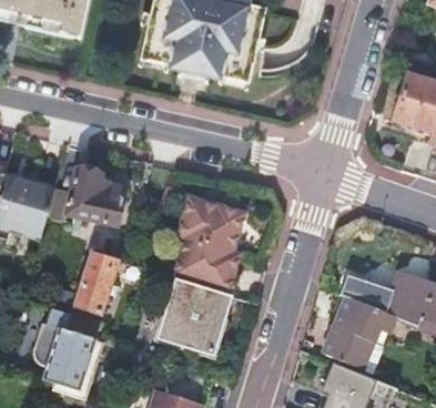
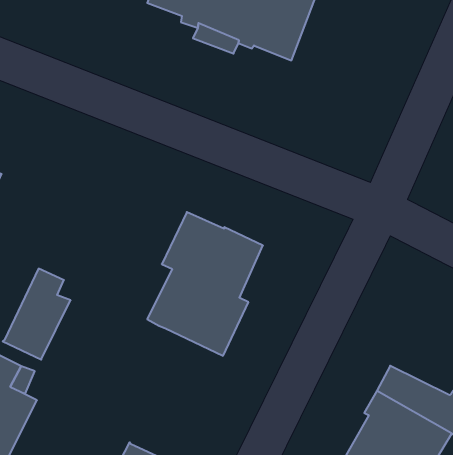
building: [63,169,126,227] -> none
building: [163,277,233,353] -> none

